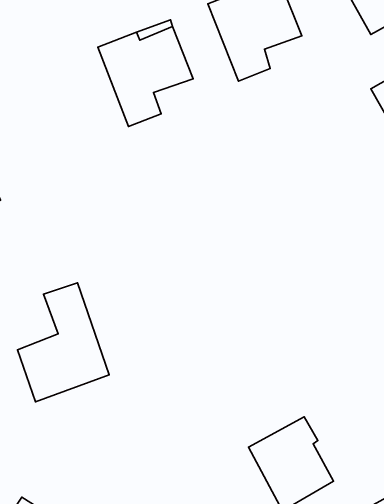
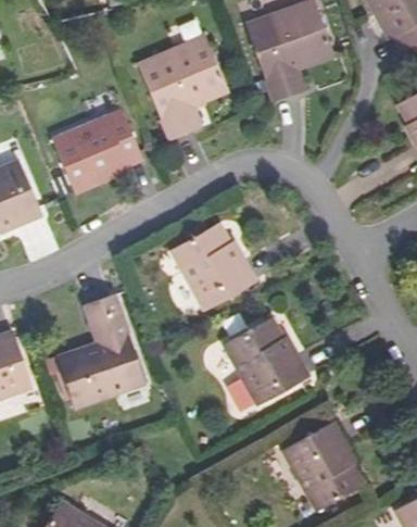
building: none -> [53,111,142,195]
building: none -> [174,224,257,310]
building: none -> [224,318,309,403]

